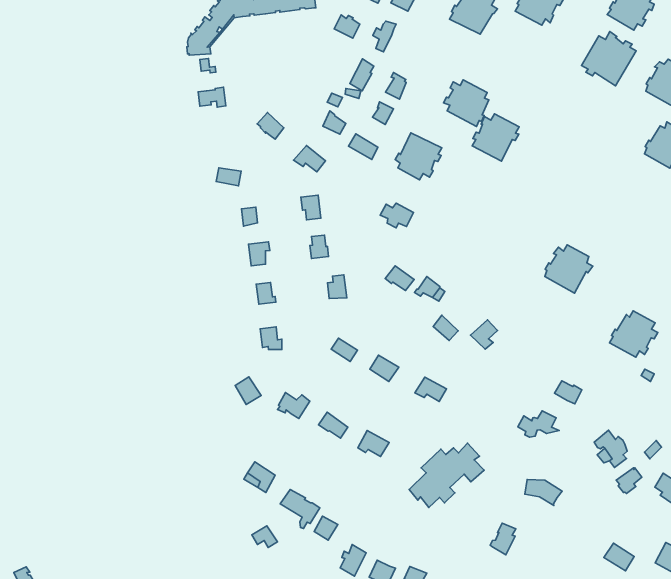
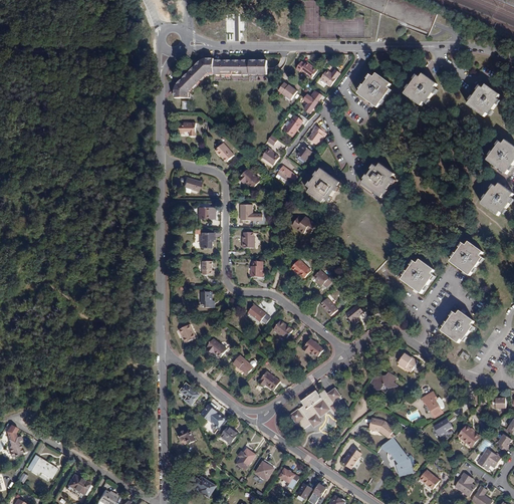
building: [582,32,636,86] -> none
building: [444,80,489,126] -> none
building: none -> [450,241,484,275]
building: none -> [381,437,415,475]

